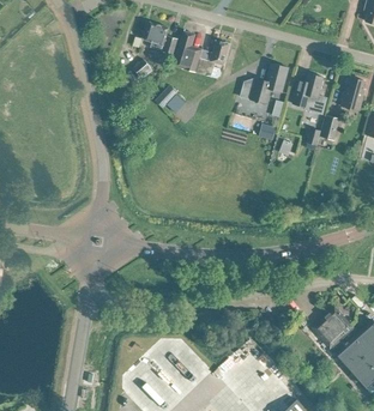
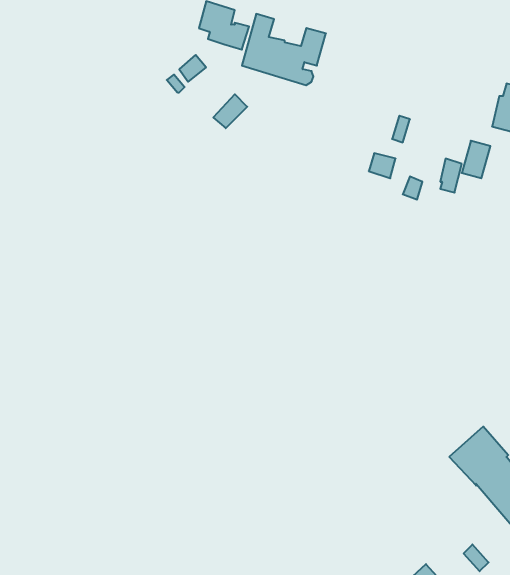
building: [240,64,288,104] -> none
building: [291,74,326,114] -> none

